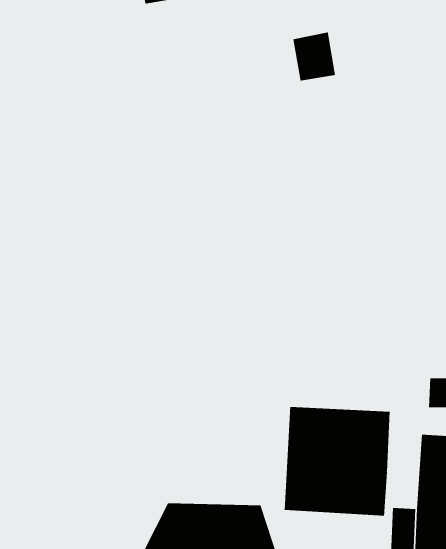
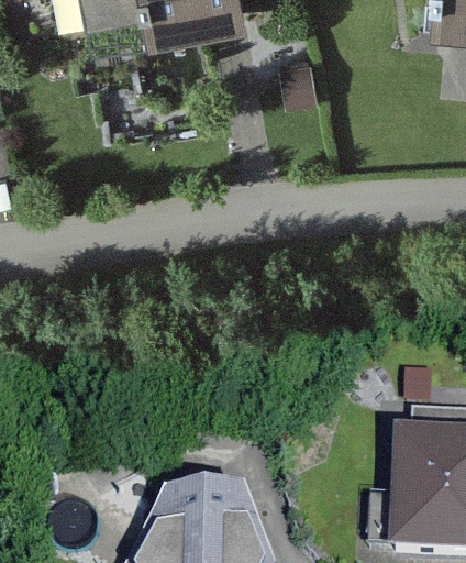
building: [284,406,390,517] -> none

